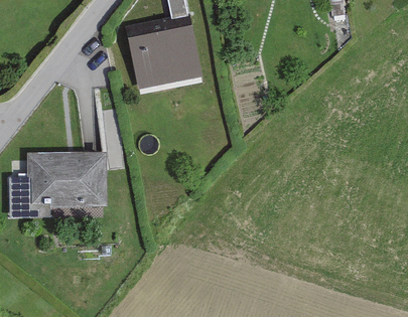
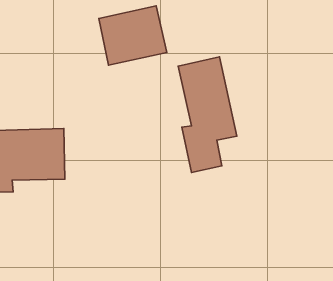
building: none -> [178,57,237,172]

